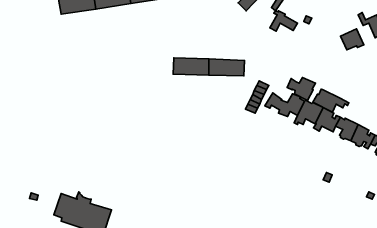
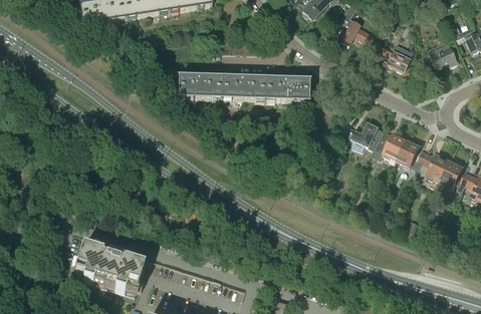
building: none -> [178,77,222,98]
building: [287,78,316,100] -> [378,44,413,72]
building: [313,89,349,112] -> none

